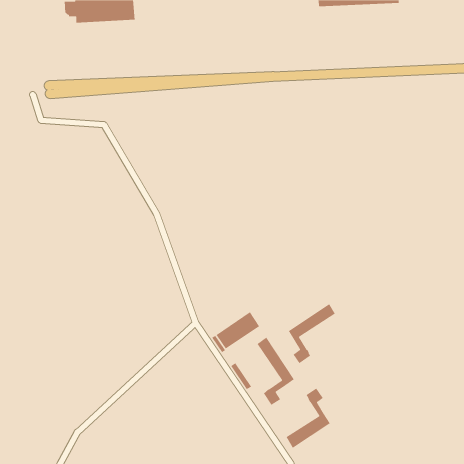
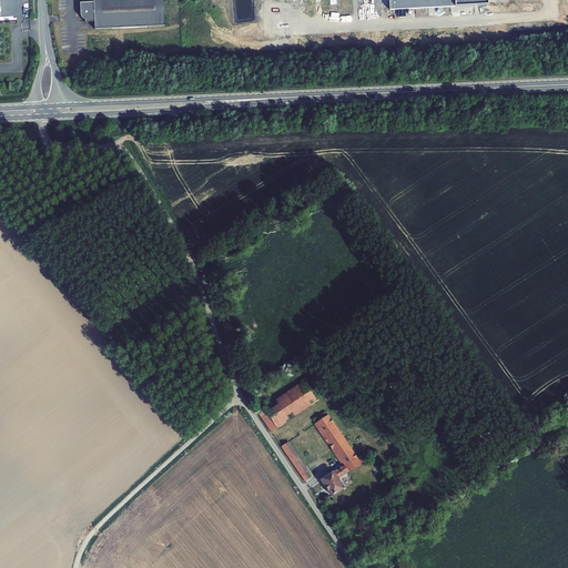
building: [288,303,336,364] -> none
building: [285,387,331,449] -> none

